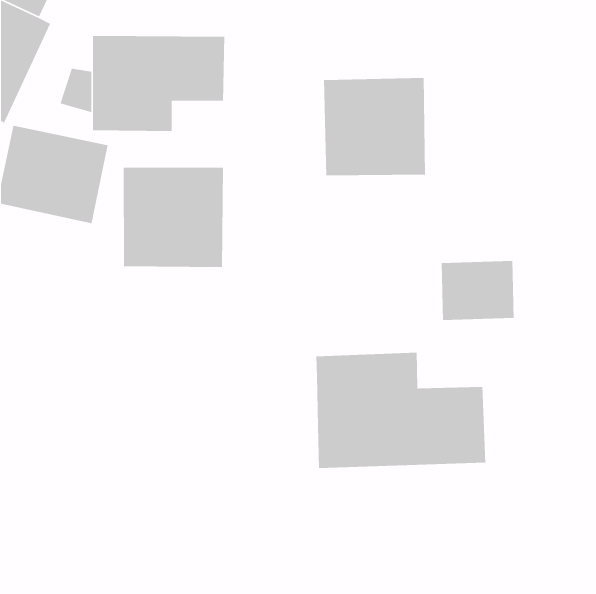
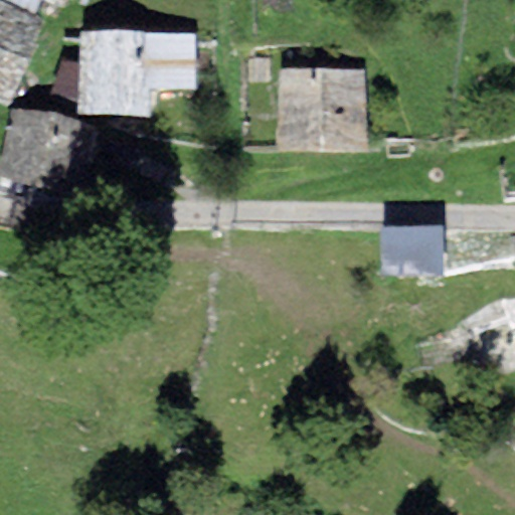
building: [123,167,224,268] -> none
building: [316,352,486,469] -> none

